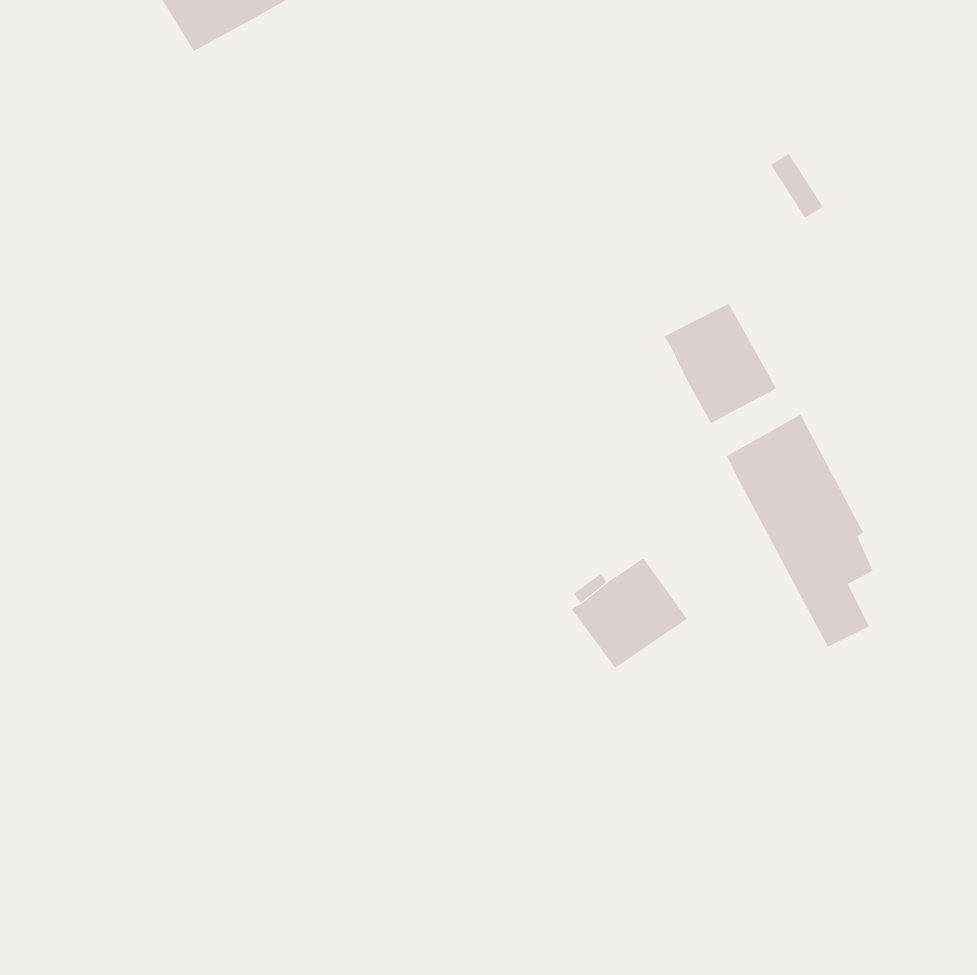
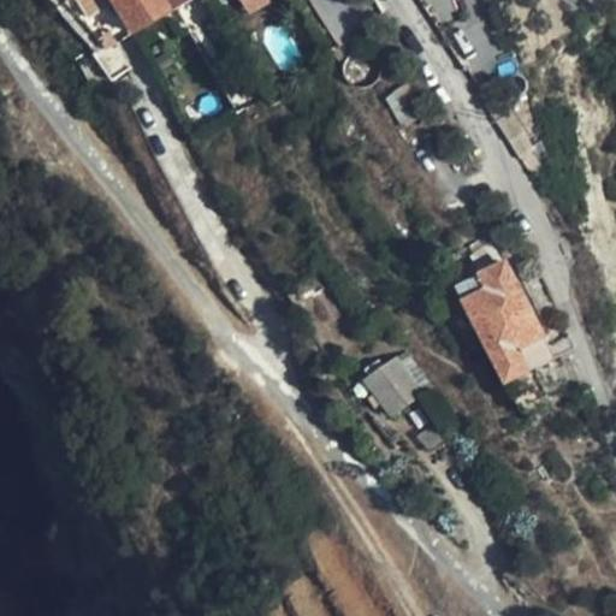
building: [663,303,777,424] -> none

